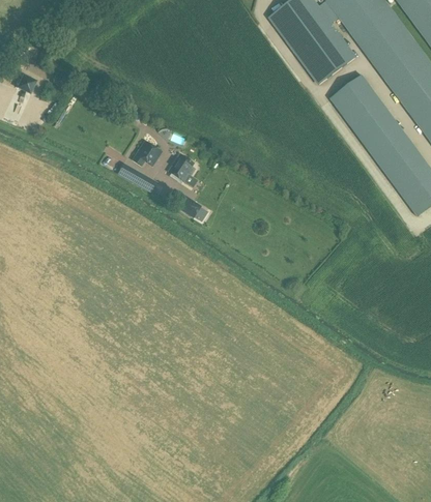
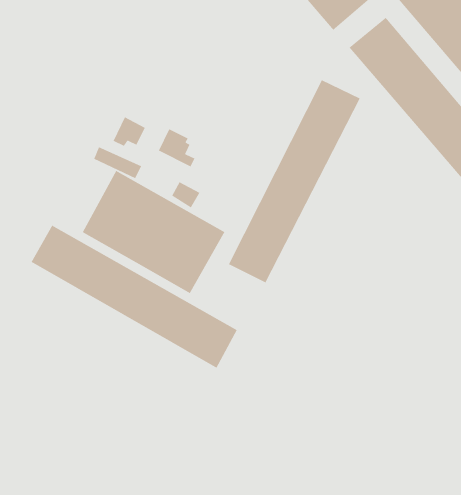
building: none -> [228,79,361,284]
building: none -> [82,170,225,294]
building: none -> [30,224,238,369]

